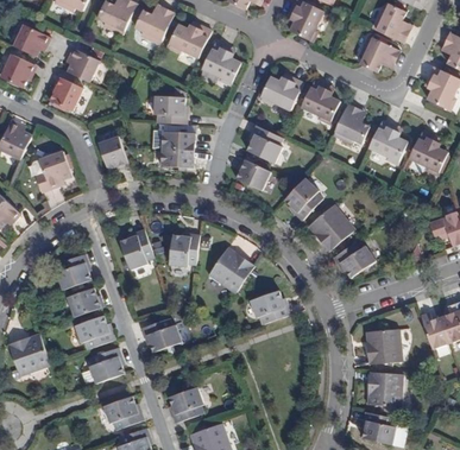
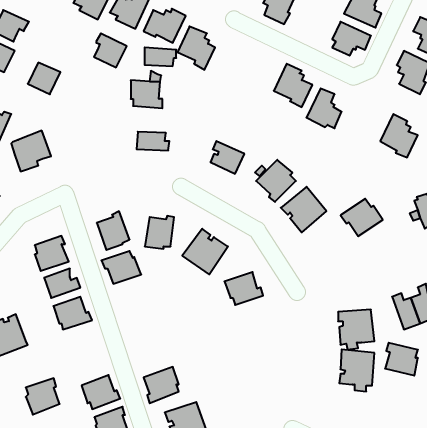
building: [67,47,100,82] -> [94,33,127,67]
building: [259,76,303,110] -> none
building: [367,120,405,165] -> none
building: [246,125,282,163] -> none
building: [162,131,194,150] -> [145,47,176,66]
building: [97,135,128,170] -> none
building: [332,239,374,277] -> [341,199,383,236]
building: [140,318,181,351] -> [101,251,141,284]
building: [89,347,124,384] -> [26,378,60,415]
building: [361,411,395,444] -> [385,343,418,376]

